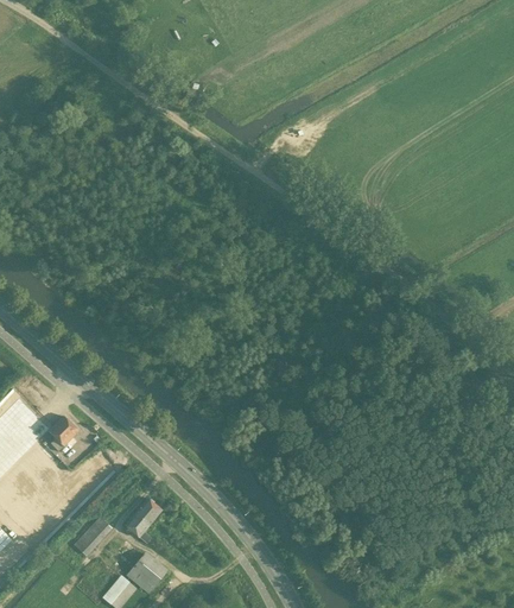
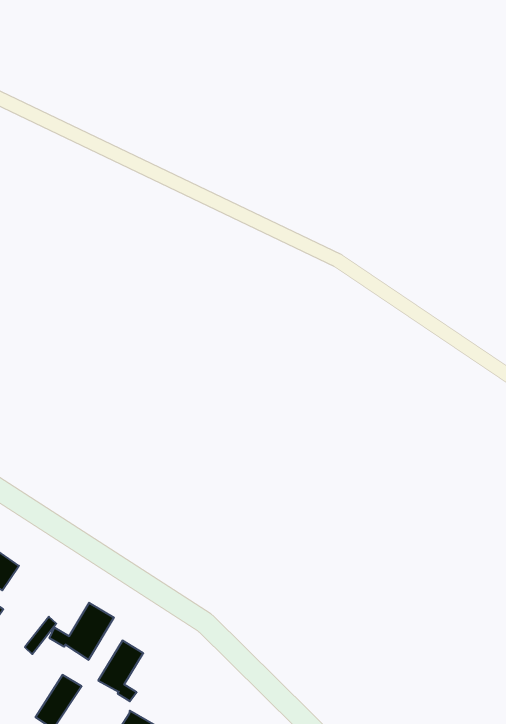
building: none -> [50,603,114,660]

